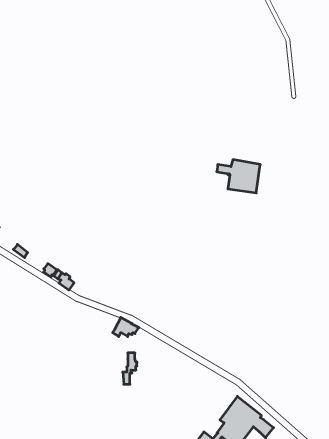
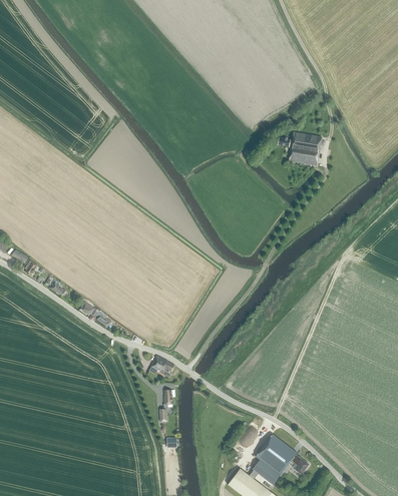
building: [217,160,260,193] -> [278,133,321,166]

